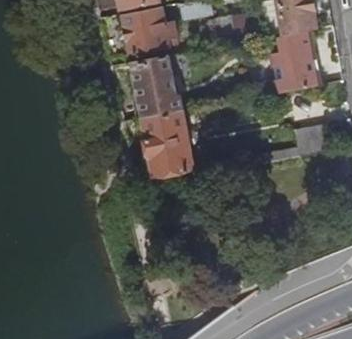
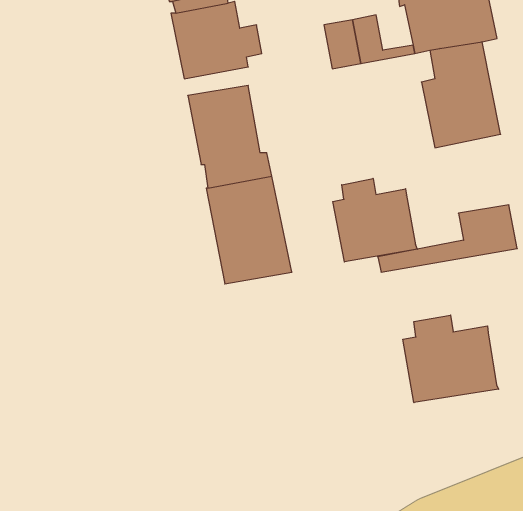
building: none -> [333,178,417,262]
building: none -> [403,315,499,403]

